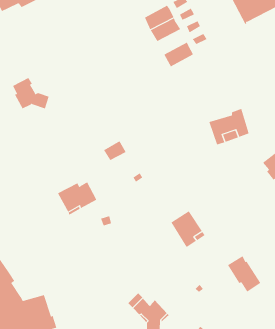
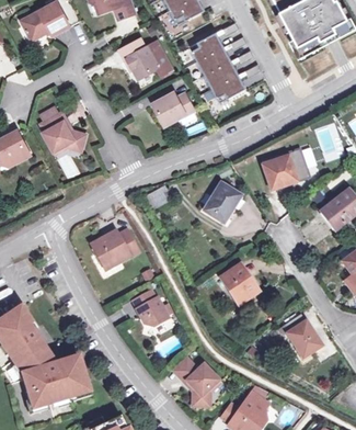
building: none -> [119,38,170,77]
building: none -> [204,59,238,88]
building: none -> [153,92,191,123]
building: none -> [204,182,244,222]
building: none -> [134,291,166,324]

